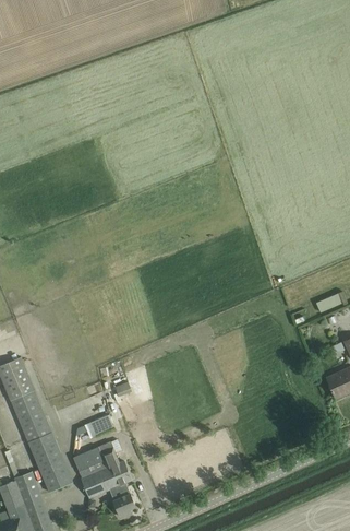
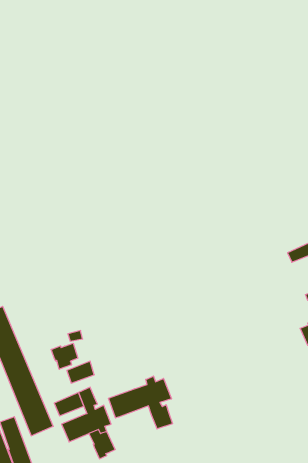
building: none -> [51,343,78,369]
building: none -> [108,376,172,429]

